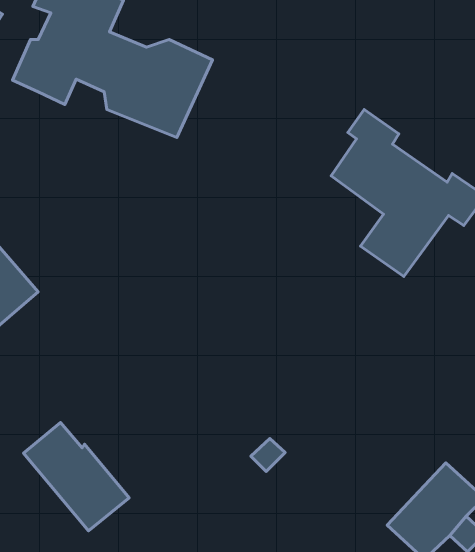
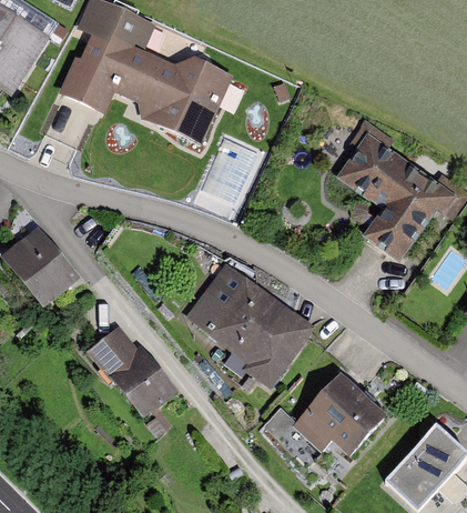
building: none -> [185,262,315,389]
building: none -> [293,372,387,456]
building: [23,422,129,531] -> [87,324,179,419]

